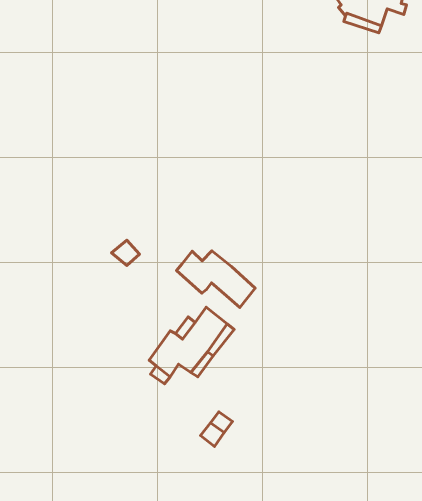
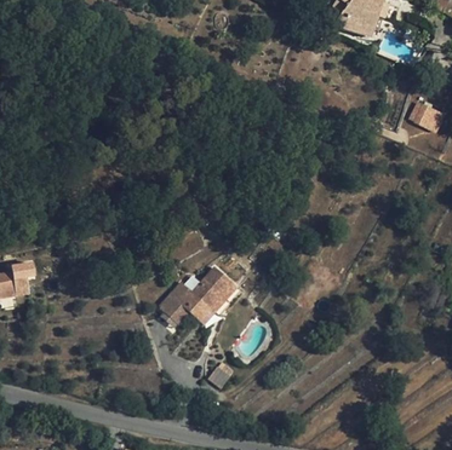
building: [177,251,255,308] -> none

